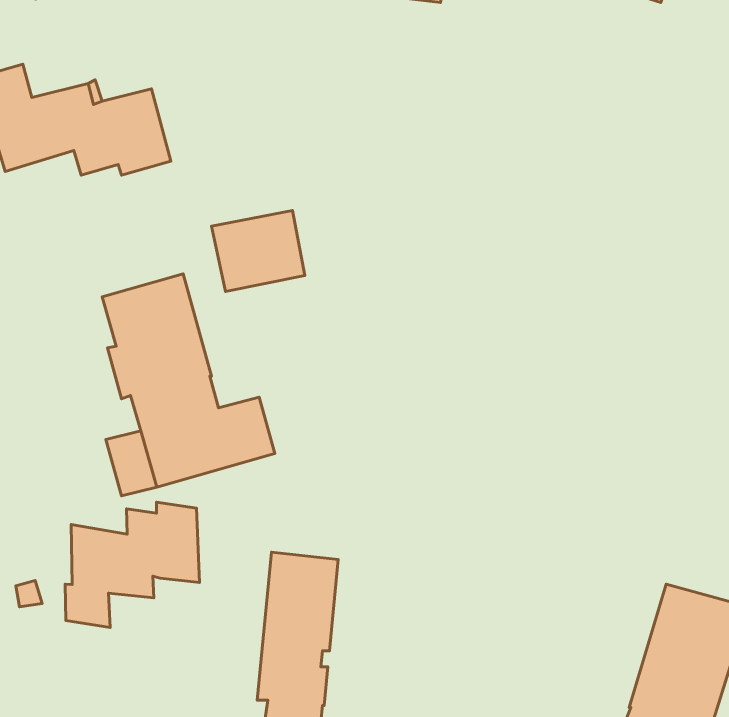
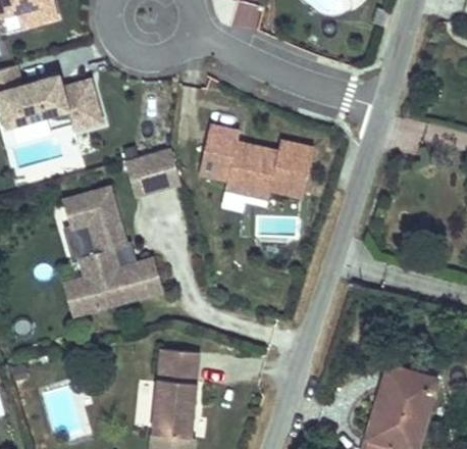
building: none -> [199,123,313,197]
building: [65,502,200,627] -> none

